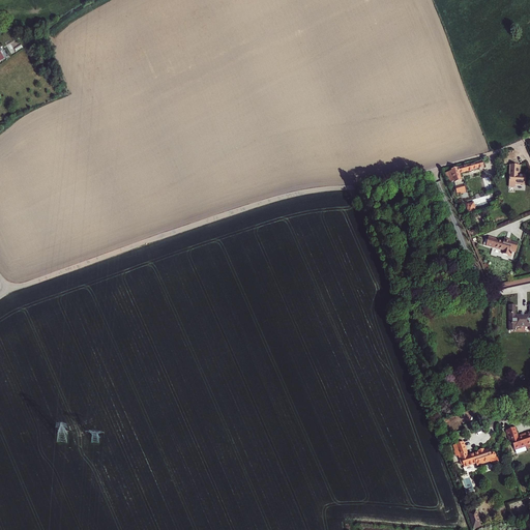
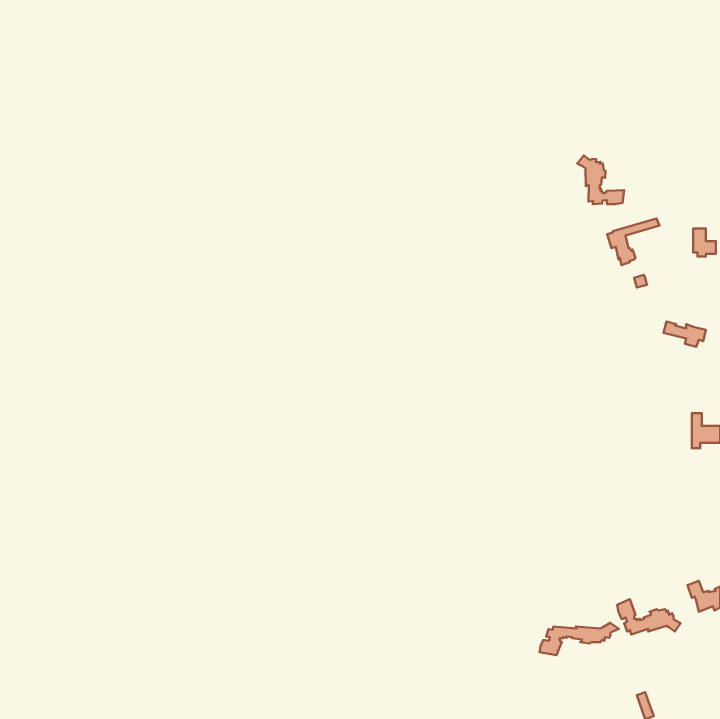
building: none -> [577,156,624,204]
building: none -> [540,623,619,655]

